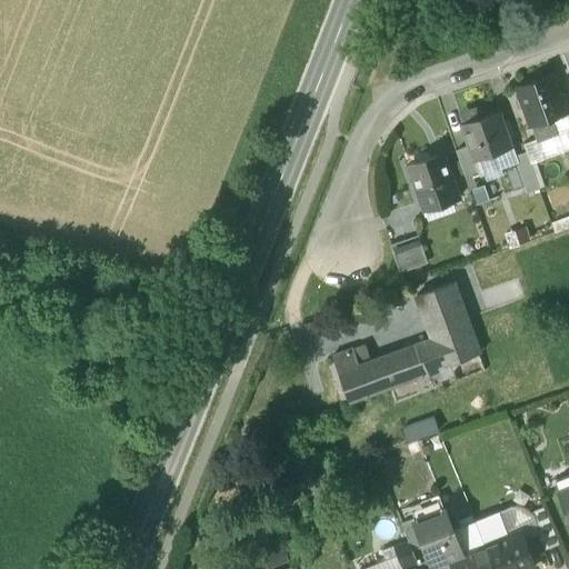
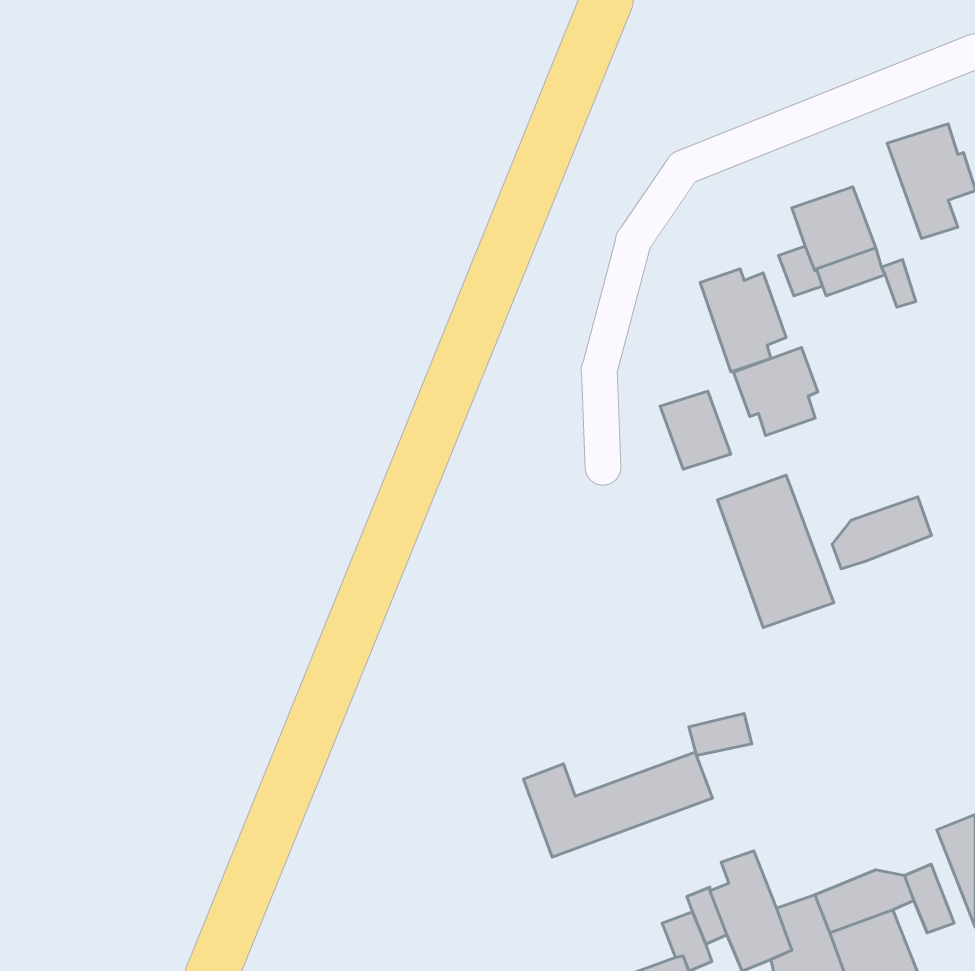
building: none -> [734,348,818,435]
building: none -> [832,497,932,569]
building: [335,341,445,402] -> [524,752,712,857]

